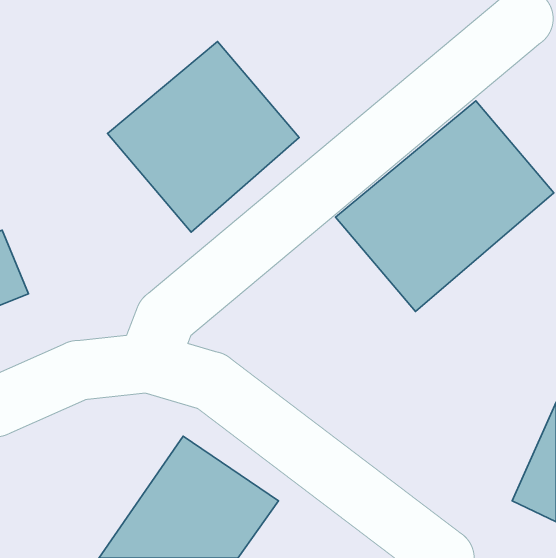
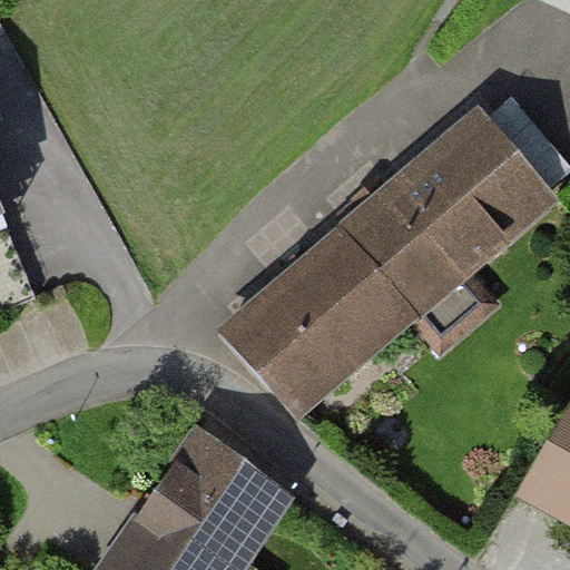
building: [108,42,299,232] -> none
building: none -> [224,220,422,415]

